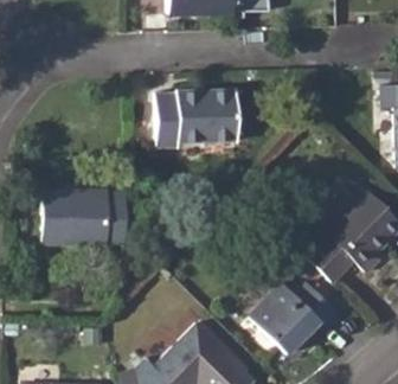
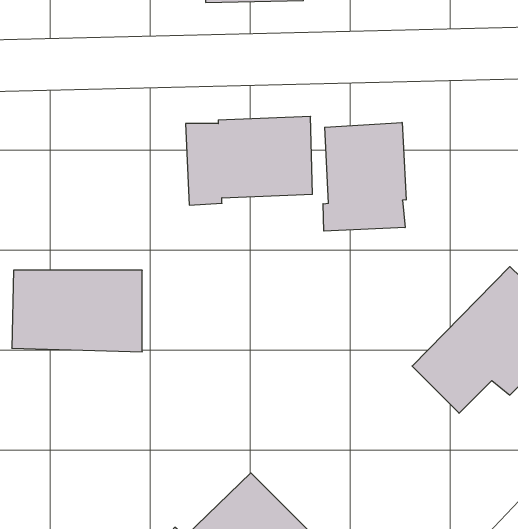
building: none -> [323,122,406,231]
building: [249,281,339,353] -> none

